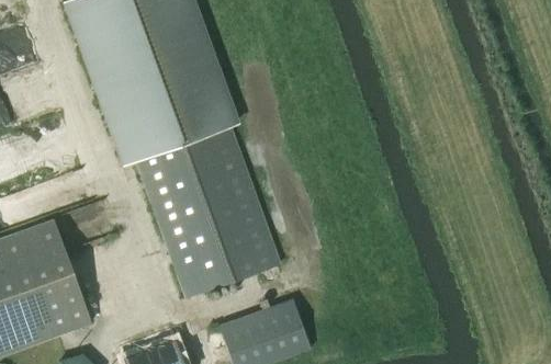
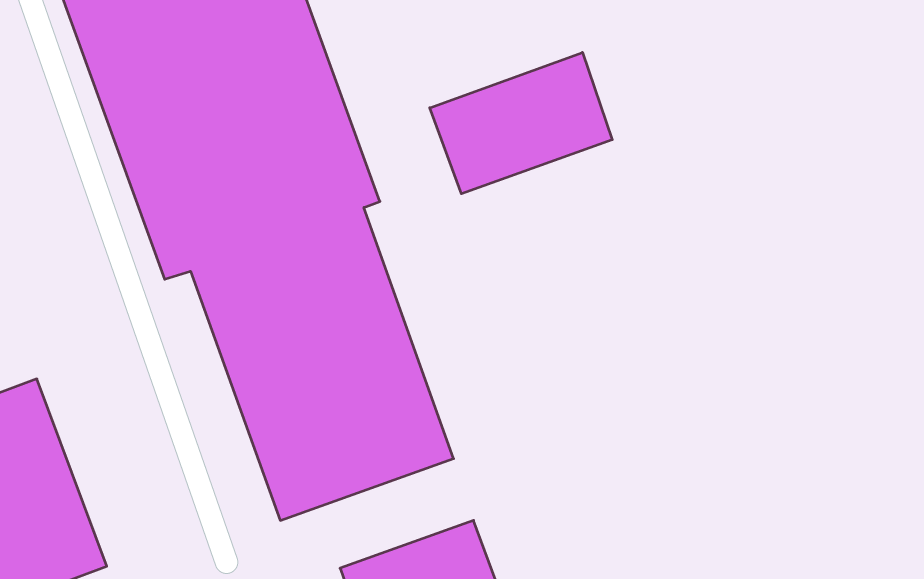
building: none -> [430,52,612,194]

